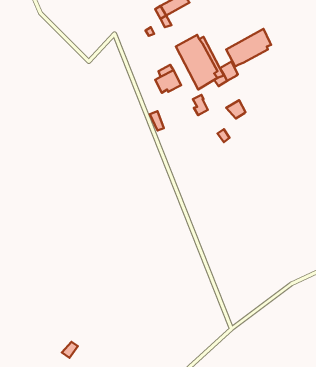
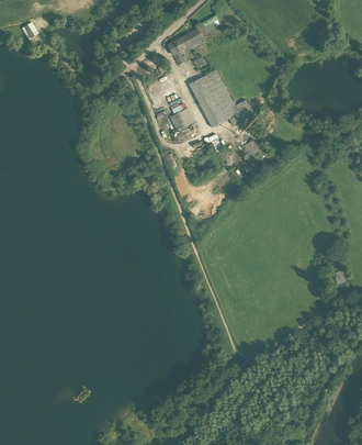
building: [226,29,271,66] -> none

